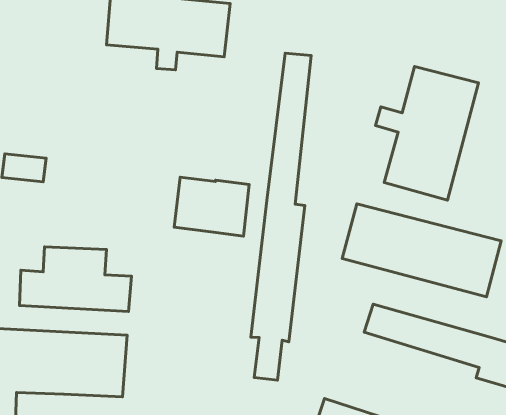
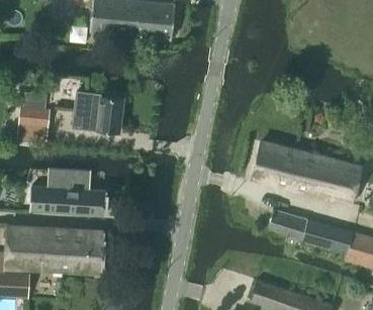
building: [251,53,311,380] -> none
building: [375,67,479,200] -> none
building: [174,177,249,236] -> [73,92,124,132]

